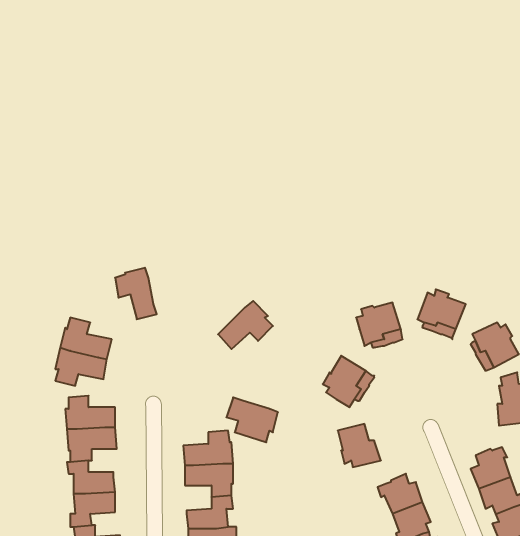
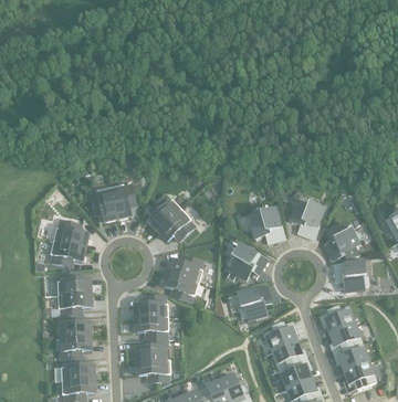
building: none -> [108,181,133,215]
building: none -> [147,192,180,229]
building: none -> [167,255,202,281]

